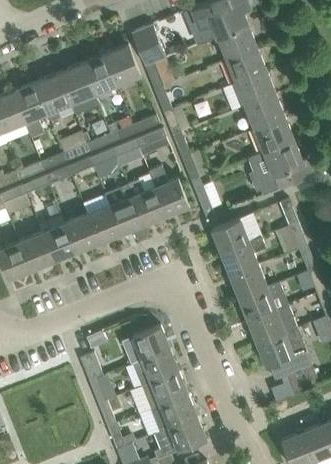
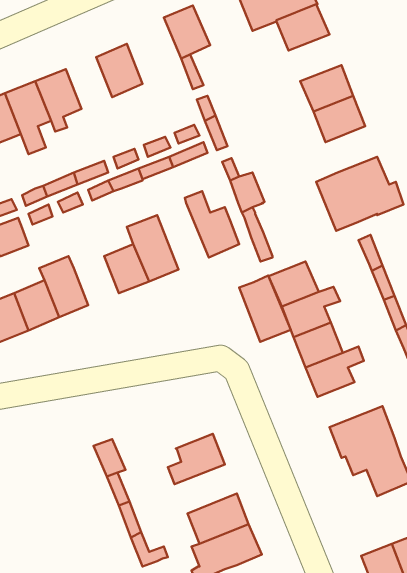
building: [104,46,140,85] -> none
building: [226,48,266,83] -> none
building: [58,65,93,104] -> none
building: [254,117,293,152] -> none
building: [127,175,166,225] -> [239,276,291,342]
building: [64,215,98,252] -> none
building: [248,305,297,344] -> none
building: [132,326,169,360] -> none
building: [140,372,187,409] -> none

